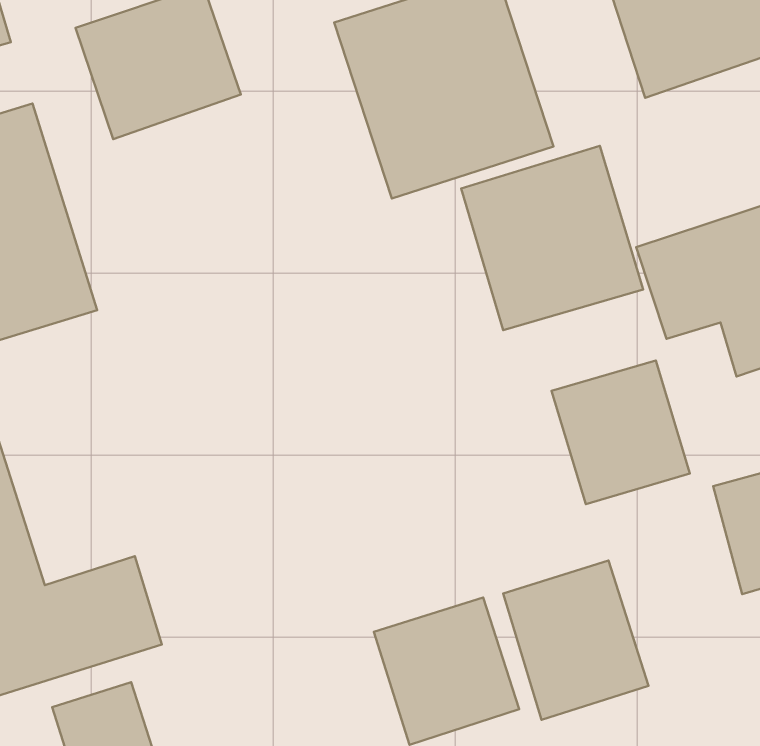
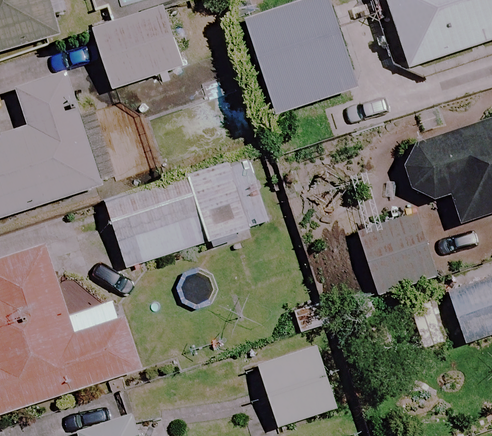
building: [461,146,643,330] -> none
building: none -> [103,149,270,267]
building: [503,561,648,720] -> none

